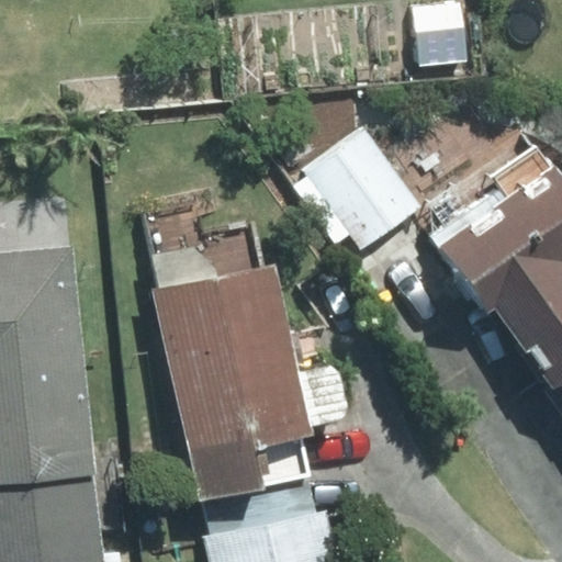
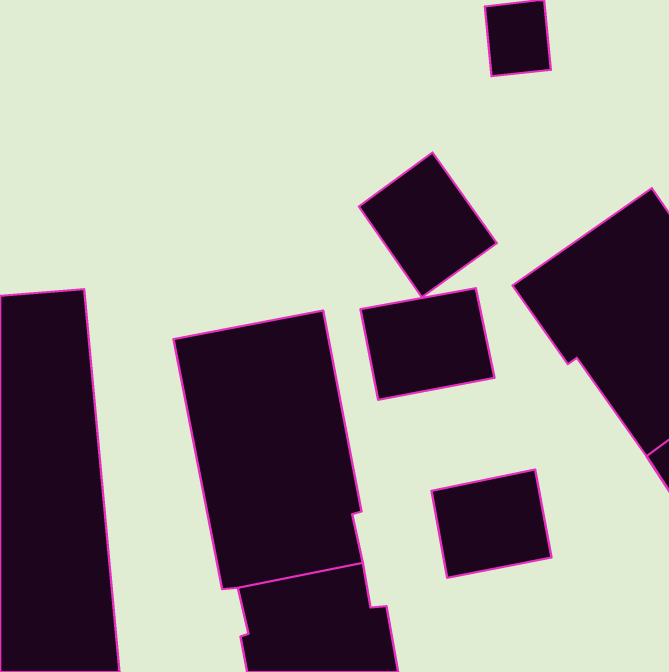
building: none -> [361,288,495,400]
building: none -> [432,470,552,578]

